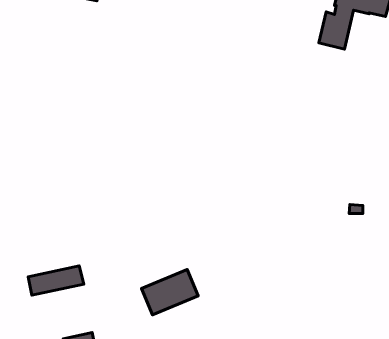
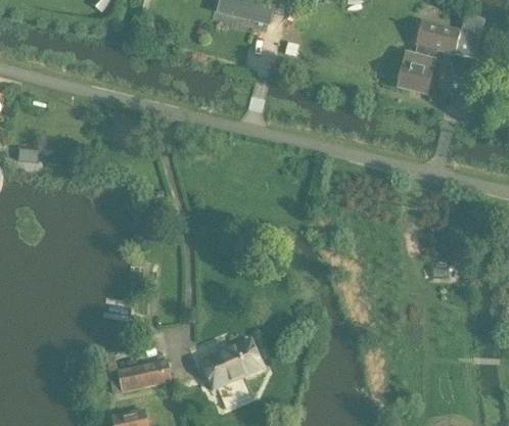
building: [28,266,84,295] -> [108,360,171,392]

